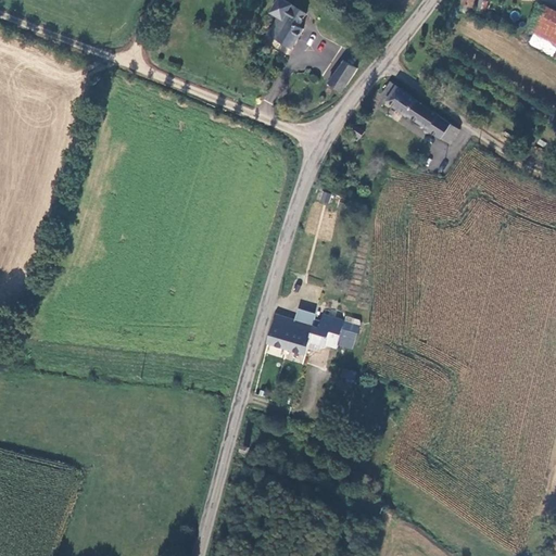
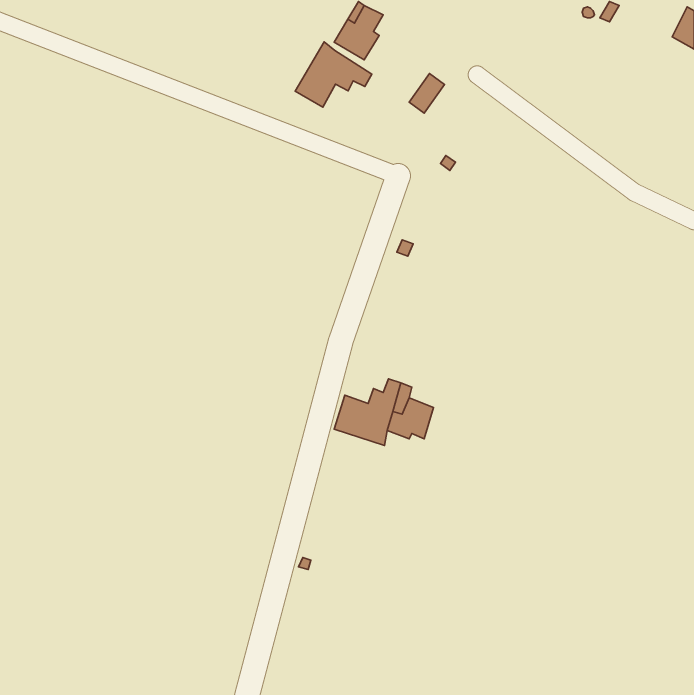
building: none -> [295,42,372,107]
building: [383,85,465,150] -> none

